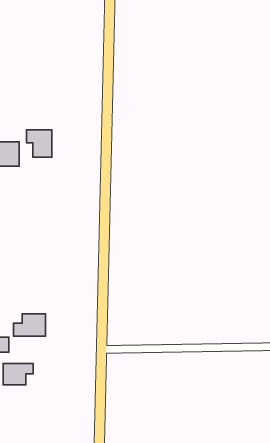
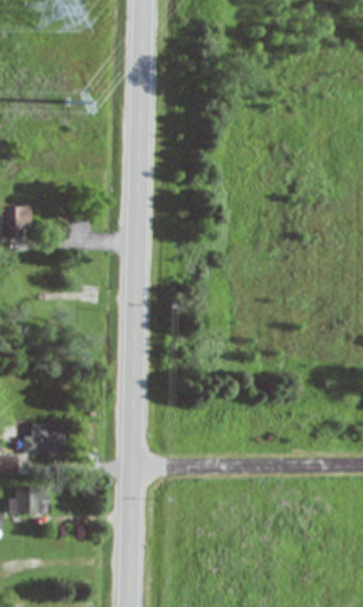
building: [27,130,52,157] -> none

